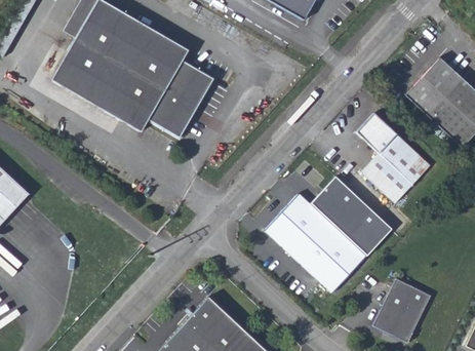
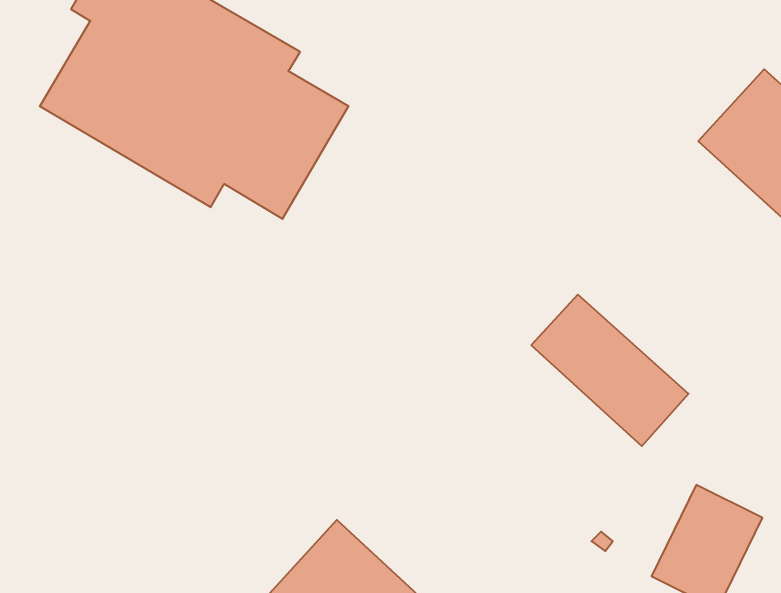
building: [353,115,427,204] -> none
building: [269,195,369,294] -> none

